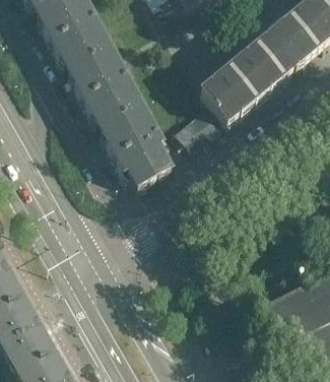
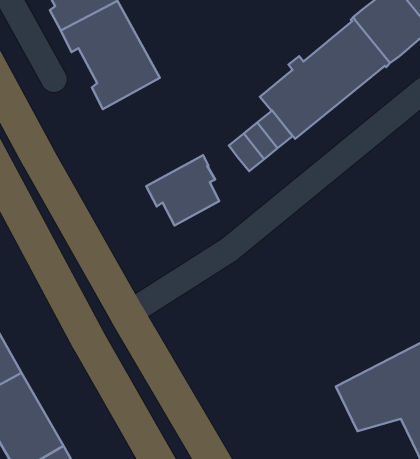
building: [82,74,157,155] -> none

